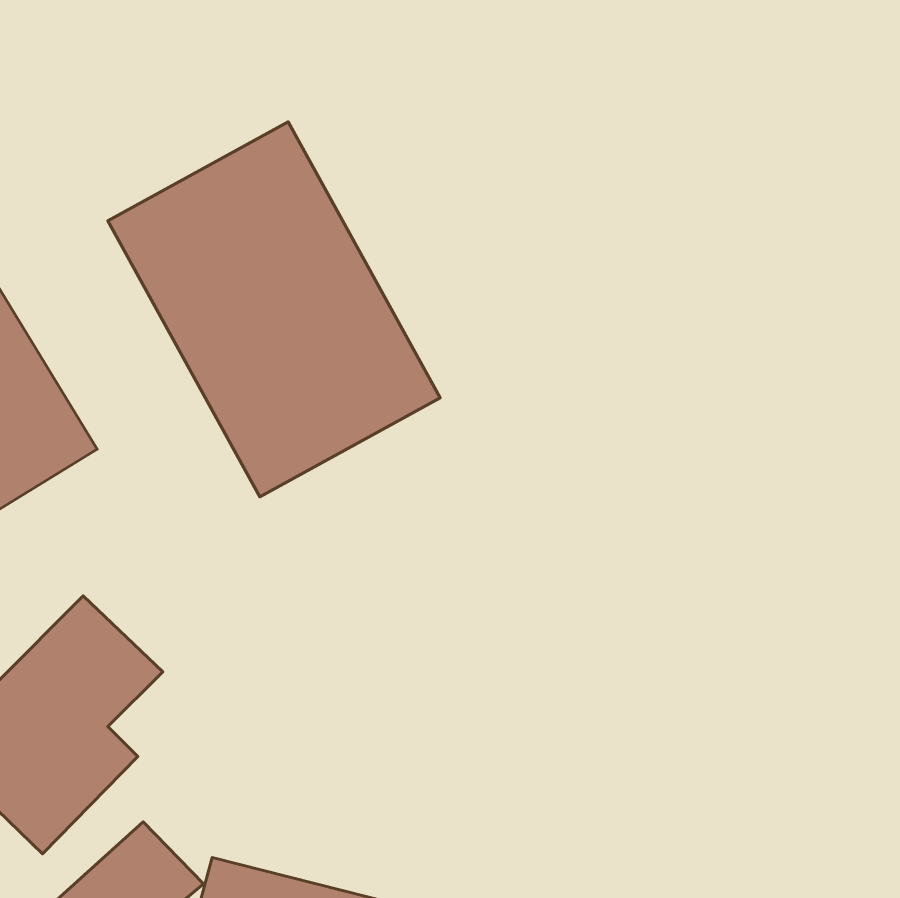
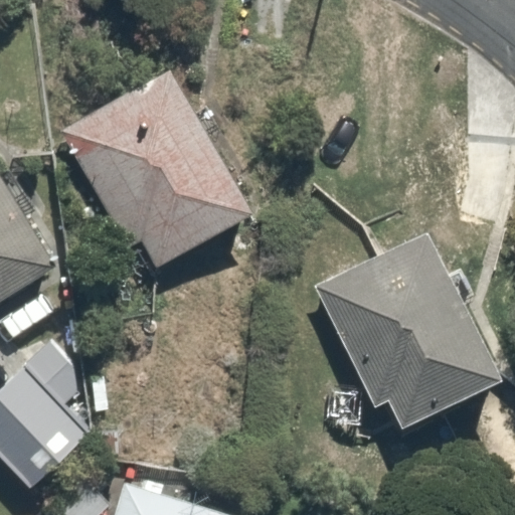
building: none -> [330,242,499,422]

